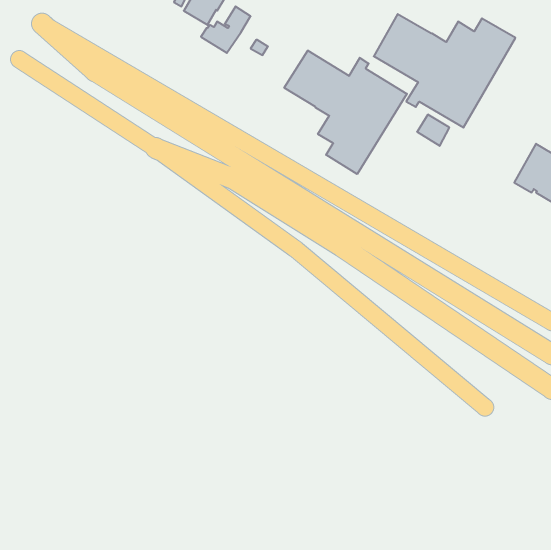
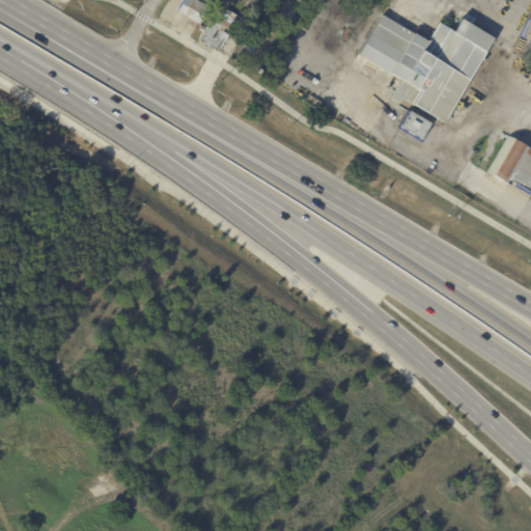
building: [284,50,407,174] -> none

